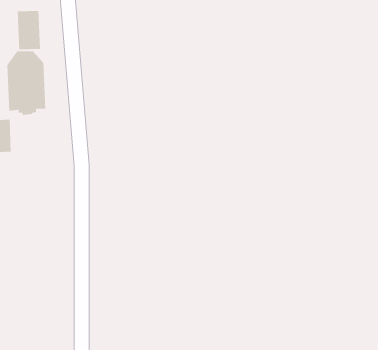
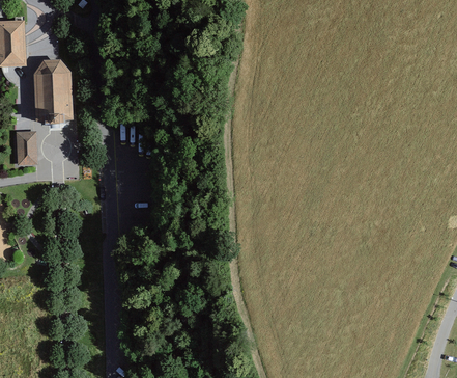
building: [17,10,41,50] -> none

